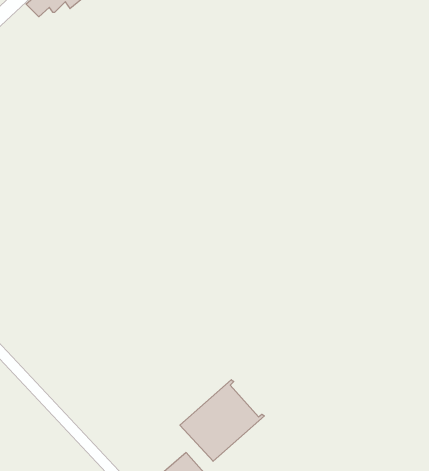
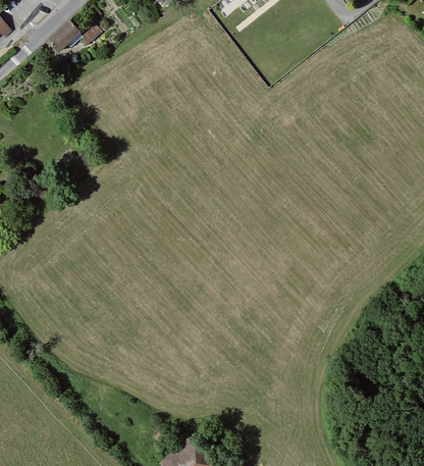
building: [180,380,264,461] -> none

